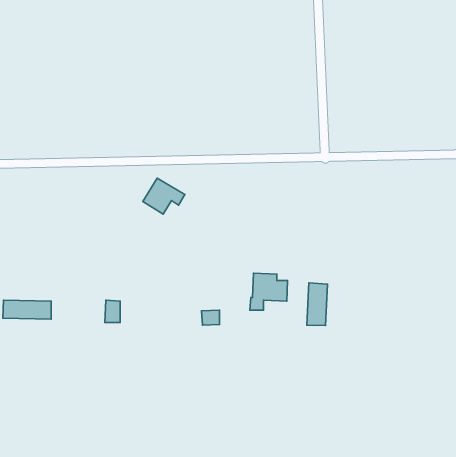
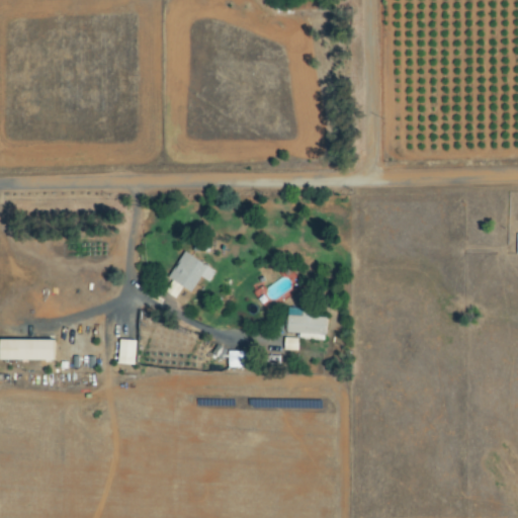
building: [143,178,185,214] -> [168,251,215,291]
building: [307,283,327,326] -> none

